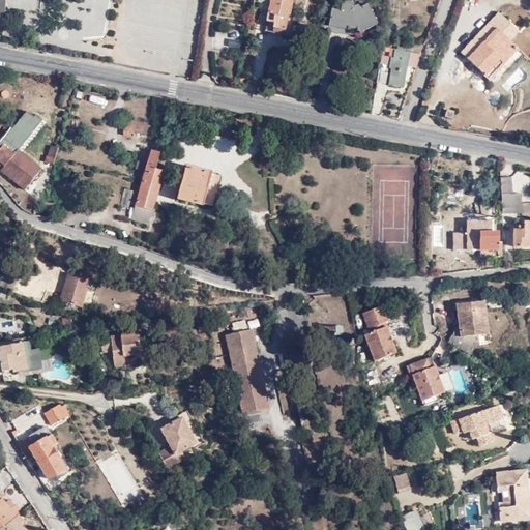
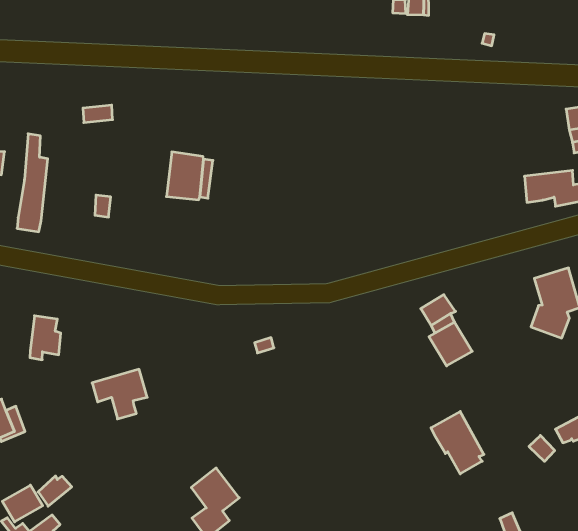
building: [130,146,163,224] -> [17,134,48,232]
building: [227,330,268,413] -> none
building: [409,359,447,408] -> [431,411,484,474]

